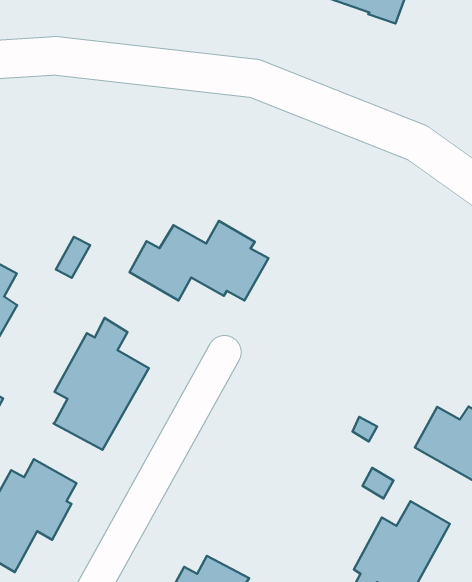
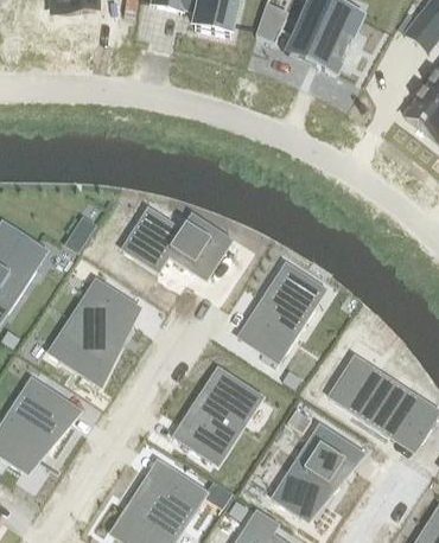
building: none -> [248,263,317,362]
building: none -> [178,373,259,458]

